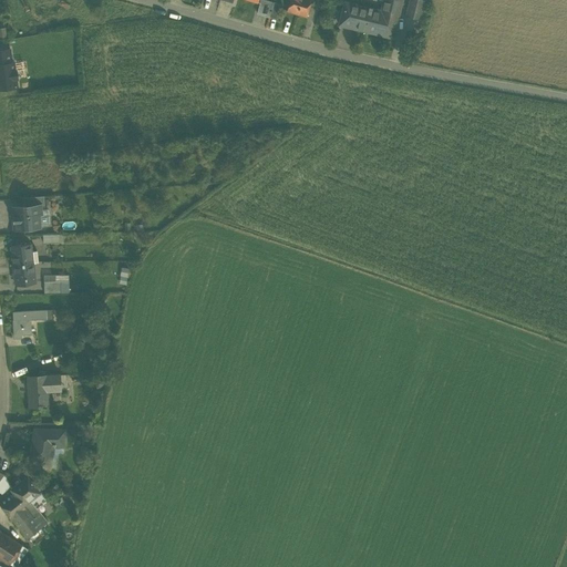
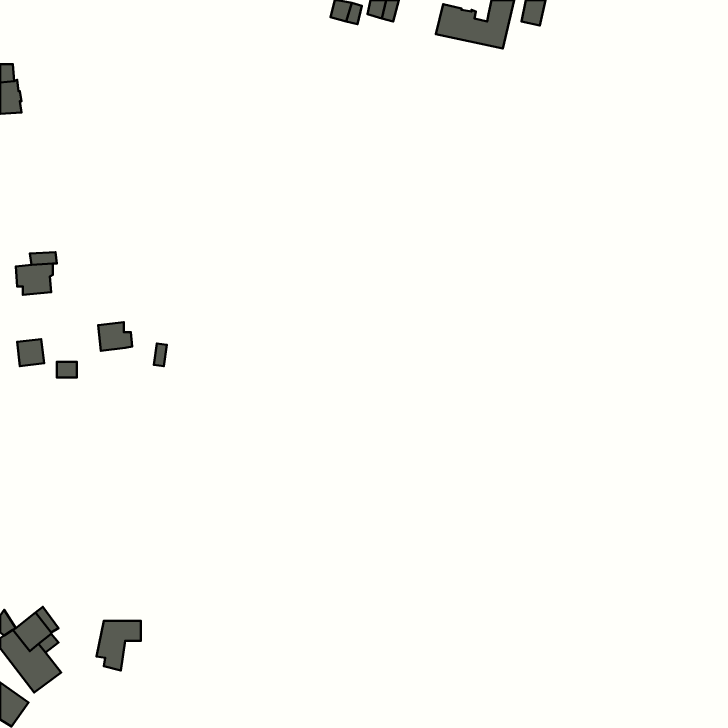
building: [11,244,38,266] -> [98,322,132,351]
building: [12,309,48,338] -> none
building: [28,375,60,406] -> none
building: [31,430,65,468] -> [97,621,141,671]

